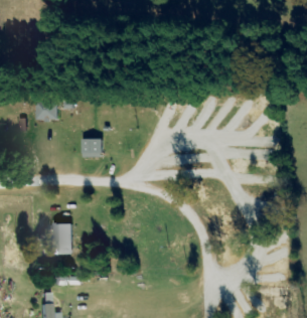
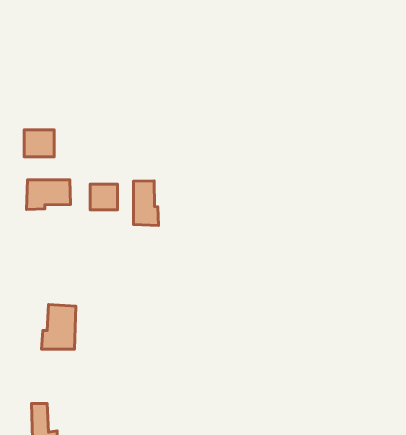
building: none -> [26,180,70,210]
building: none -> [133,181,158,225]

